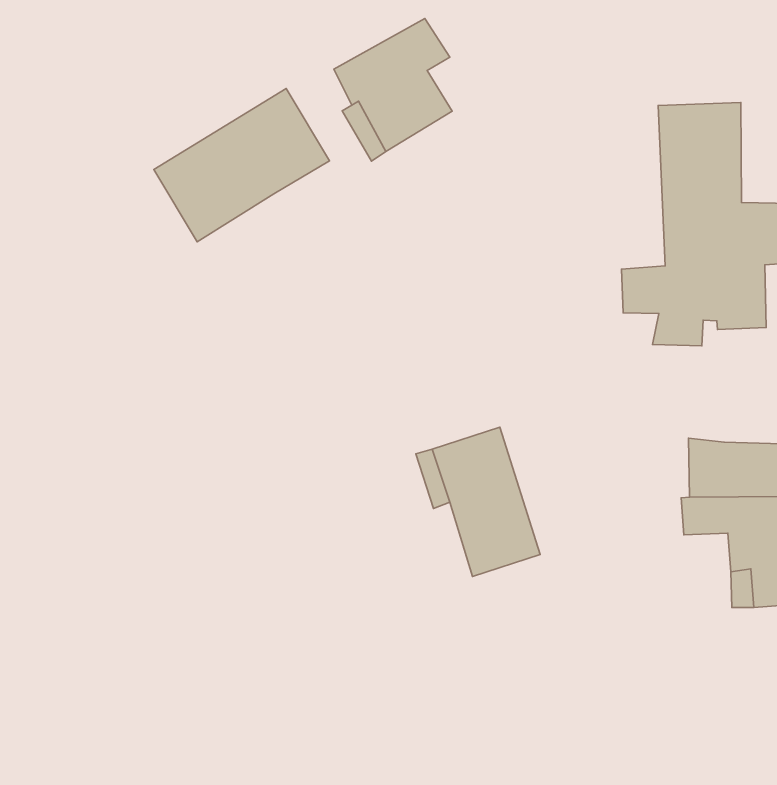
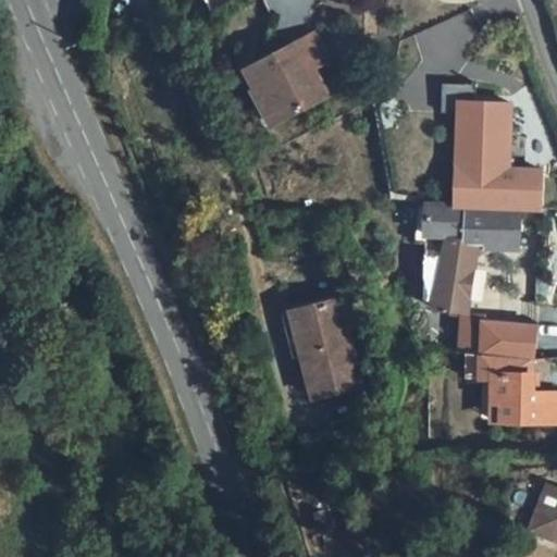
building: [154,88,329,242] -> none
building: none -> [431,253,474,310]

